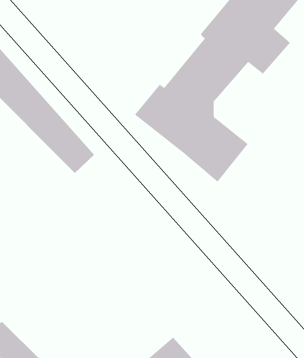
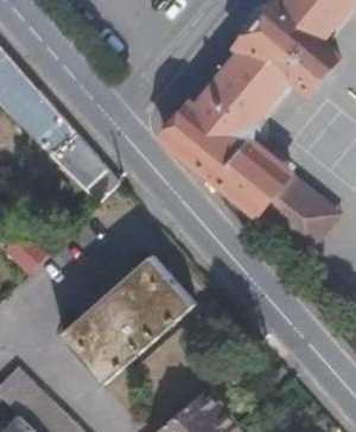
building: none -> [258,170,341,250]
building: none -> [62,255,195,381]

